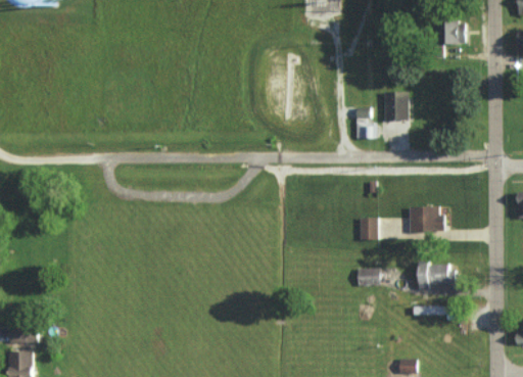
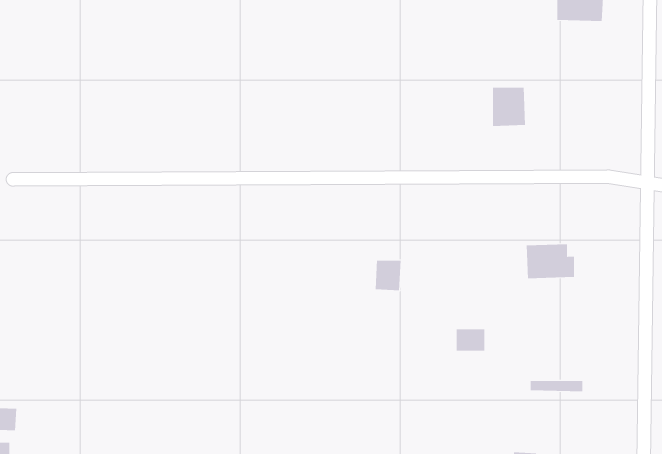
building: [355,108,376,139] -> none
building: [359,218,378,240] -> [375,260,401,291]
building: [418,263,451,289] -> none

